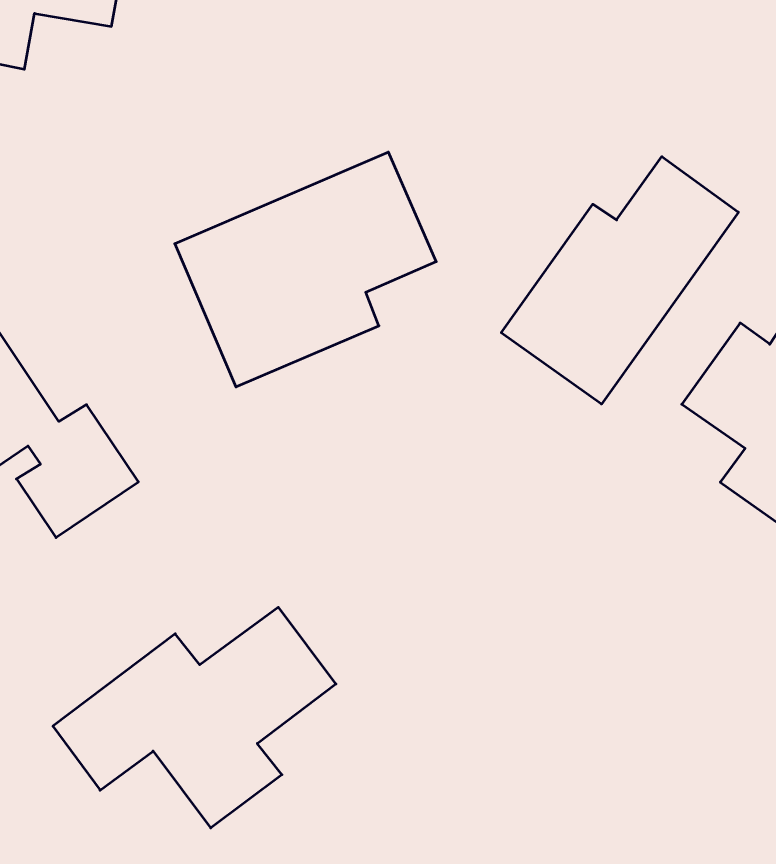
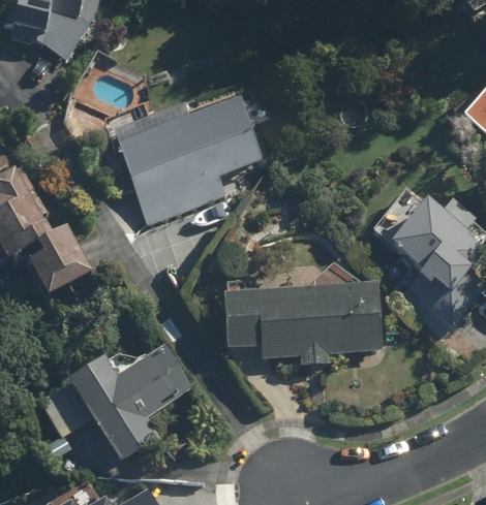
building: [501,157,738,404] -> none
building: none -> [222,274,383,362]

